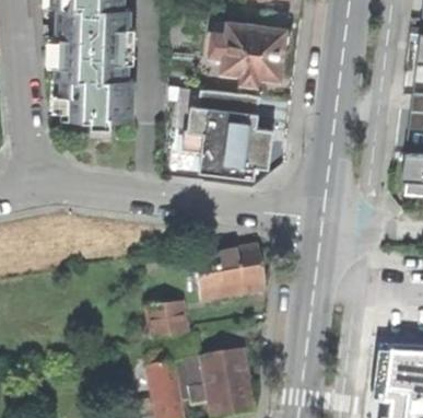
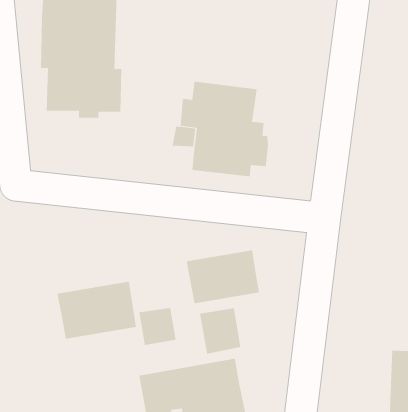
building: [209,22,287,84] -> none
building: none -> [57,281,137,339]
building: none -> [200,307,241,355]

